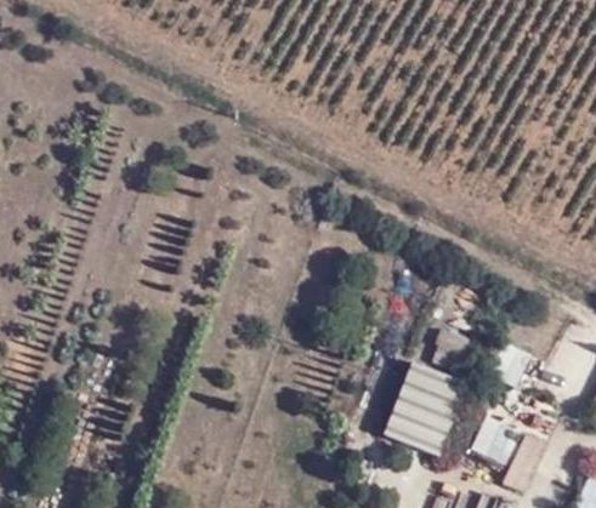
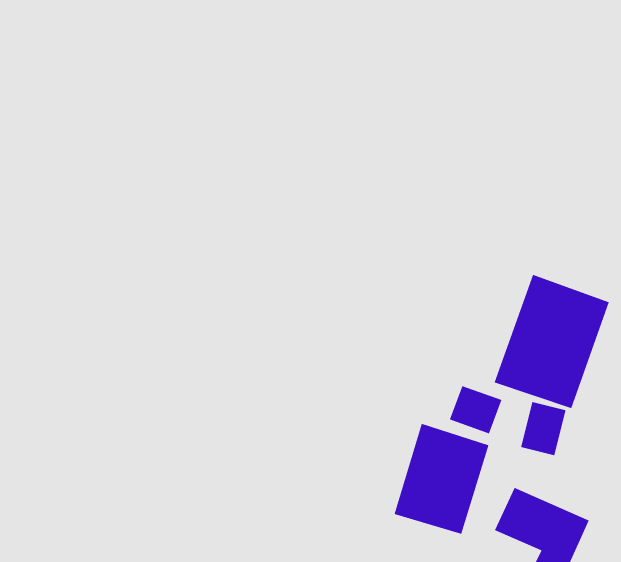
building: none -> [494,274,610,409]

